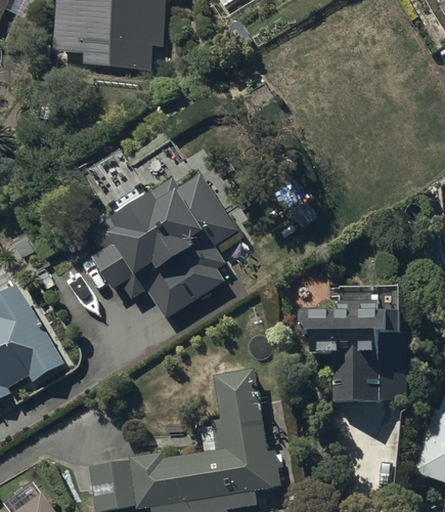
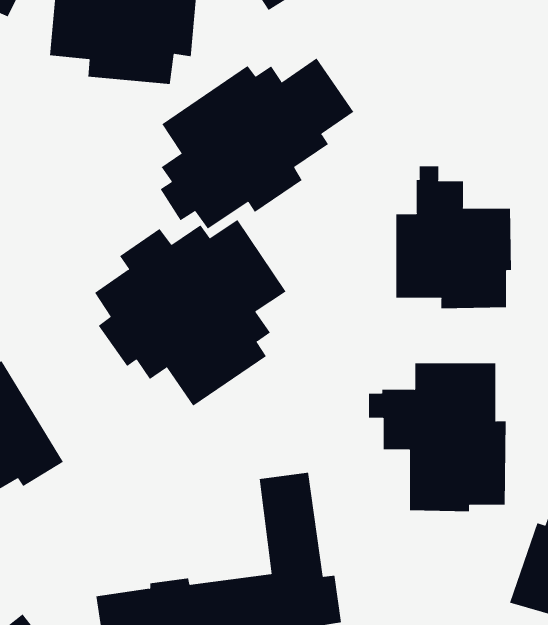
building: none -> [160,57,354,230]
building: none -> [396,165,512,309]

